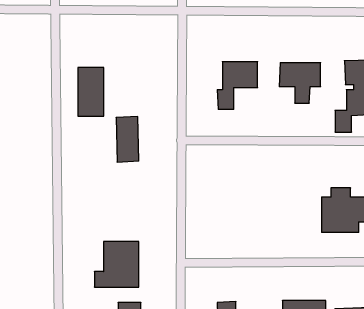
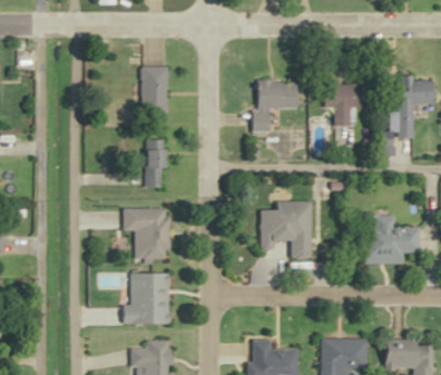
building: [78,68,104,116] -> [139,66,167,118]
building: none -> [258,201,312,259]
building: none -> [122,208,169,259]

